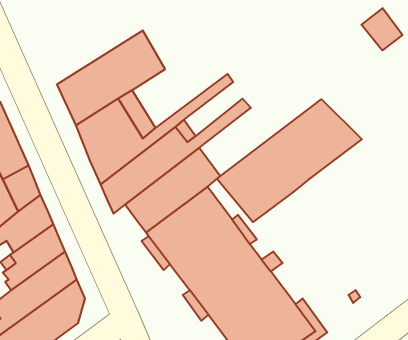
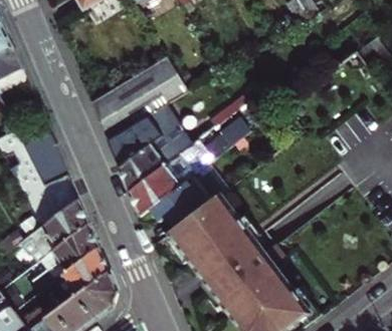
building: [217,99,362,222] -> none

